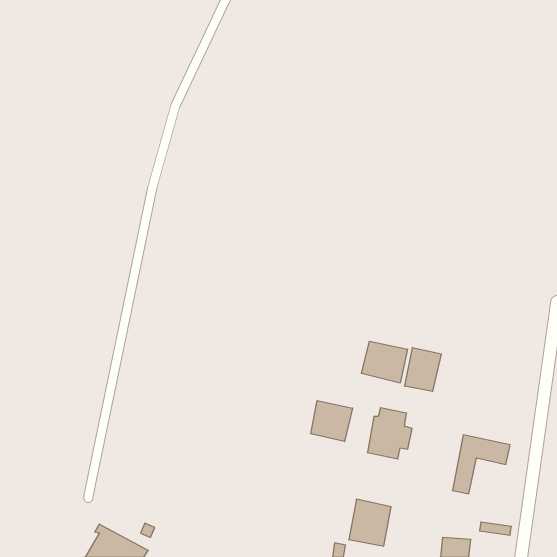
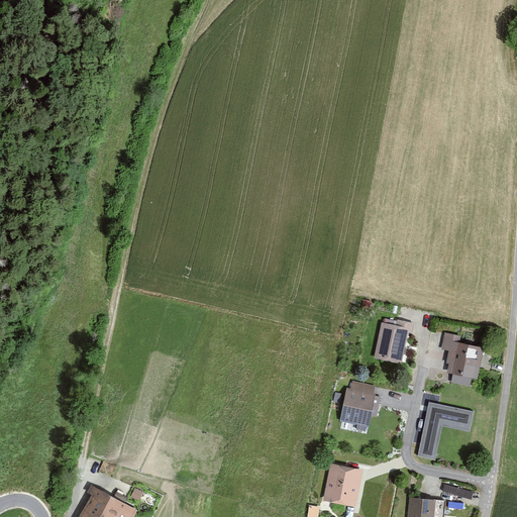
building: [361,341,408,383] -> none
building: none -> [441,332,485,386]
building: [311,401,353,442] -> none

